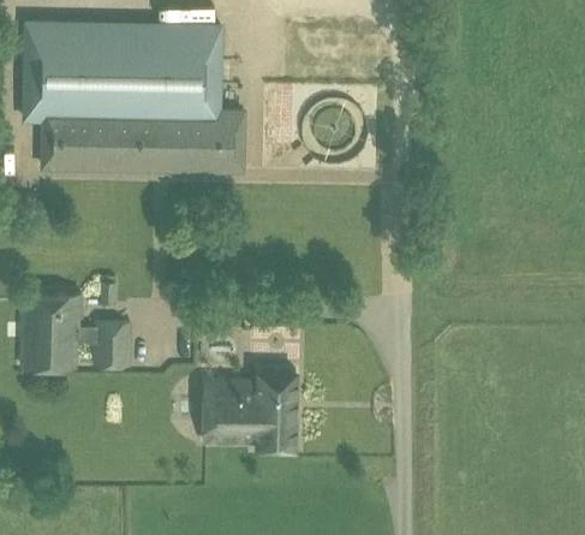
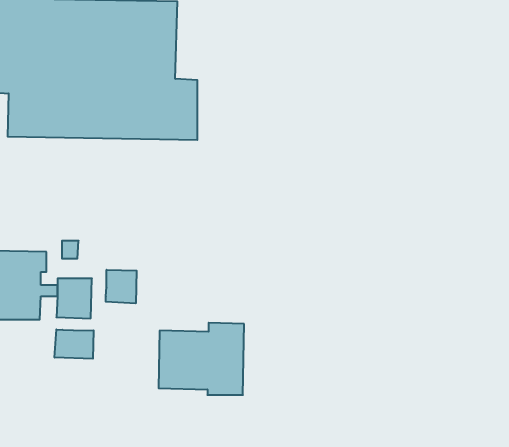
building: none -> [106,270,137,303]
building: none -> [55,329,94,359]

